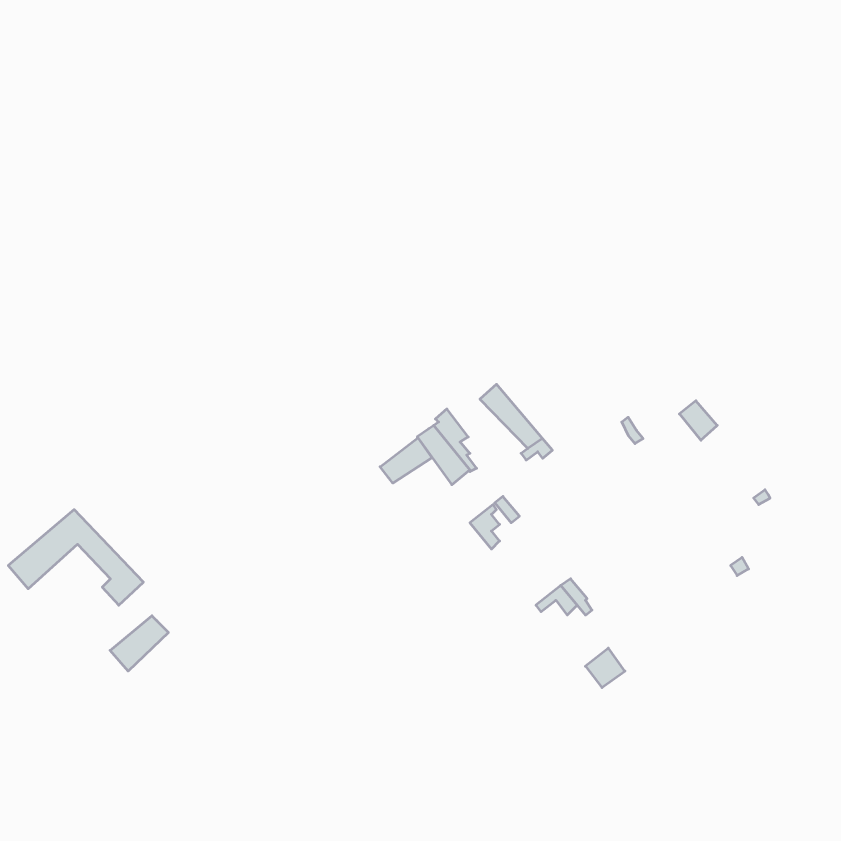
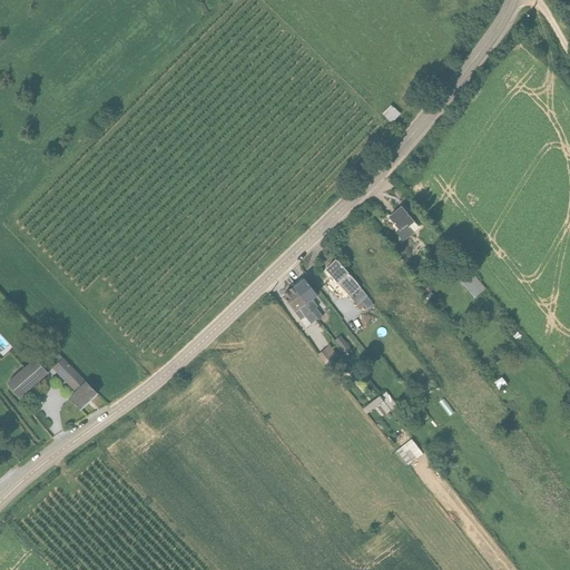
building: none -> [390,206,420,242]
building: [380,438,432,483] -> none
building: [110,616,168,671] -> none

